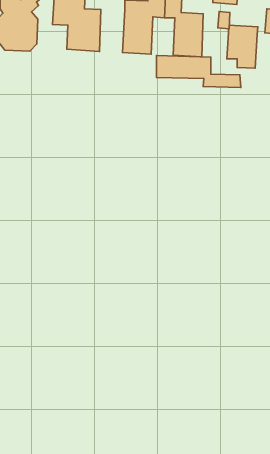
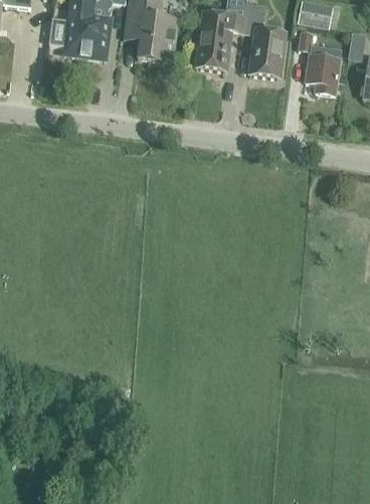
building: [156,55,241,87] -> none

